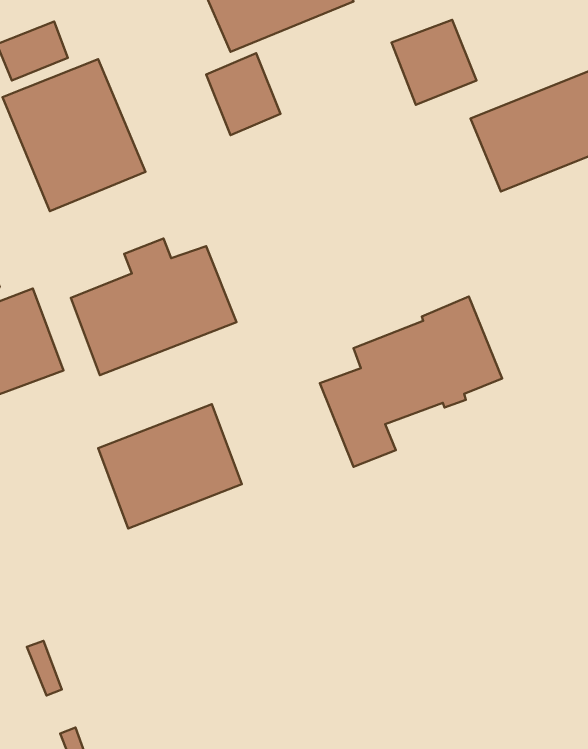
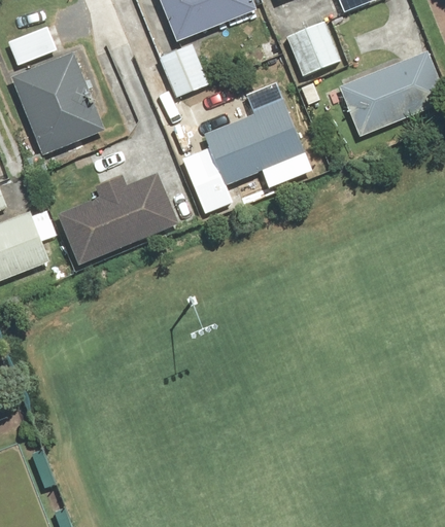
building: [320,297,502,467] -> [173,101,297,216]
building: [98,404,242,529] -> none

